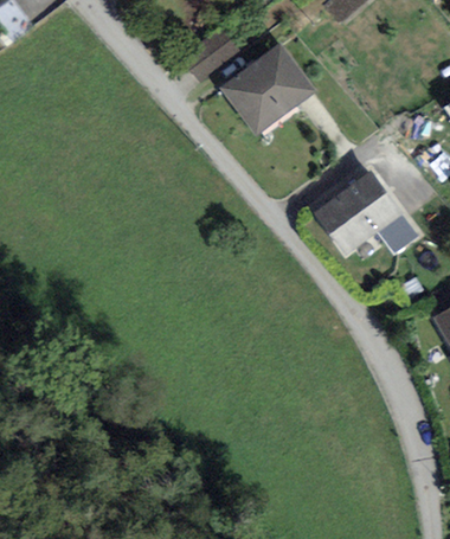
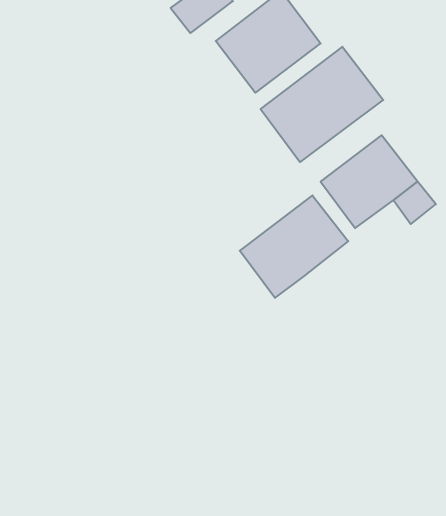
building: none -> [261,47,383,162]
building: none -> [240,195,348,298]

